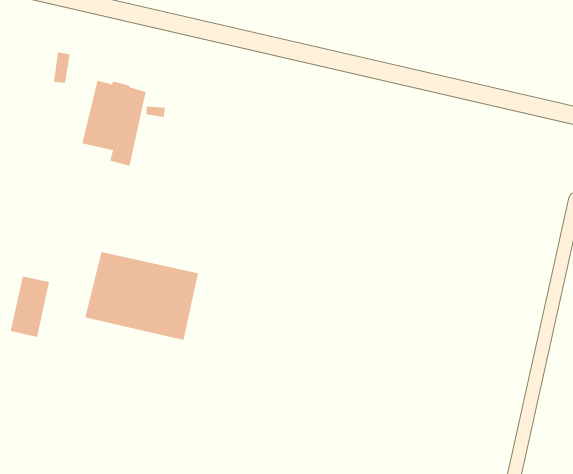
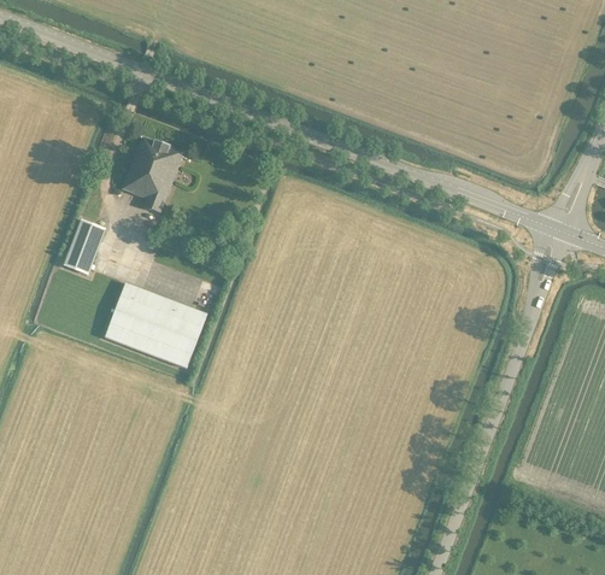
building: [10,276,50,337] -> [64,219,104,274]

